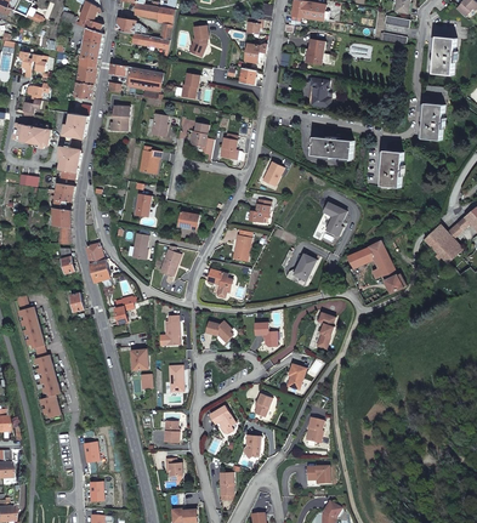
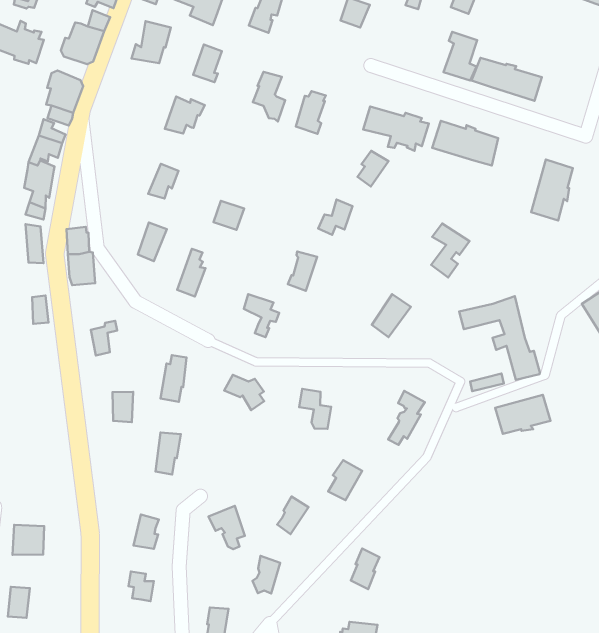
building: none -> [471,58,542,101]
building: none -> [363,107,429,151]
building: none -> [495,395,551,434]

